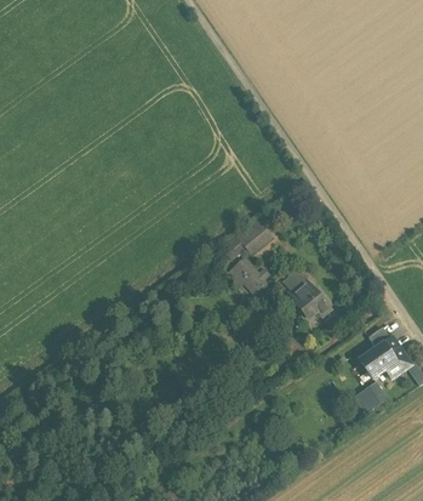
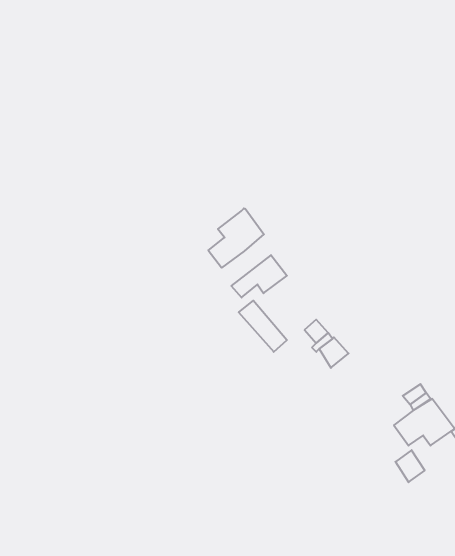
building: none -> [208,208,264,268]

